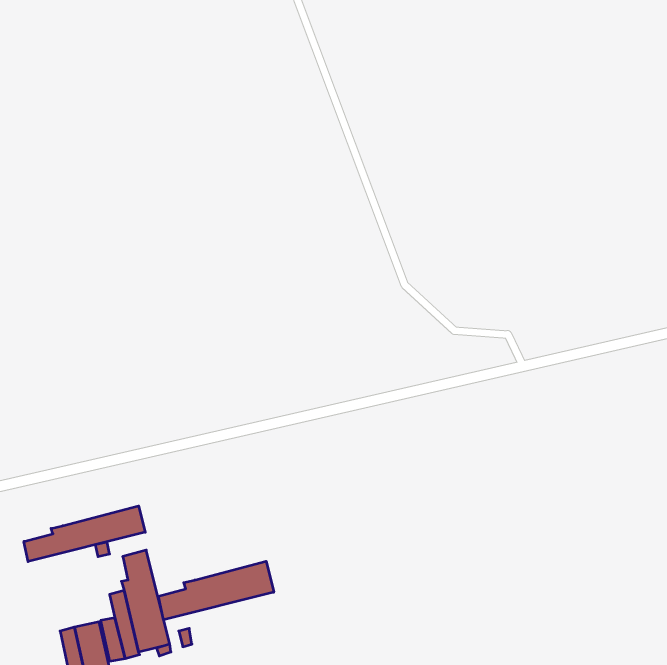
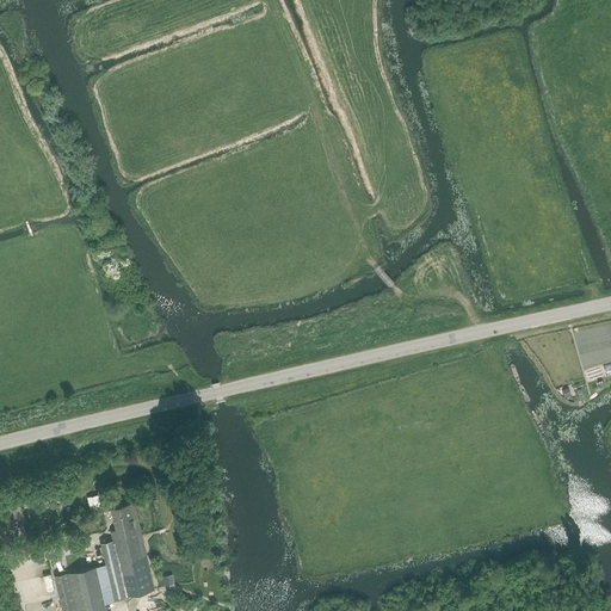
building: [24,506,145,562] -> none
building: [159,561,274,620] -> none

